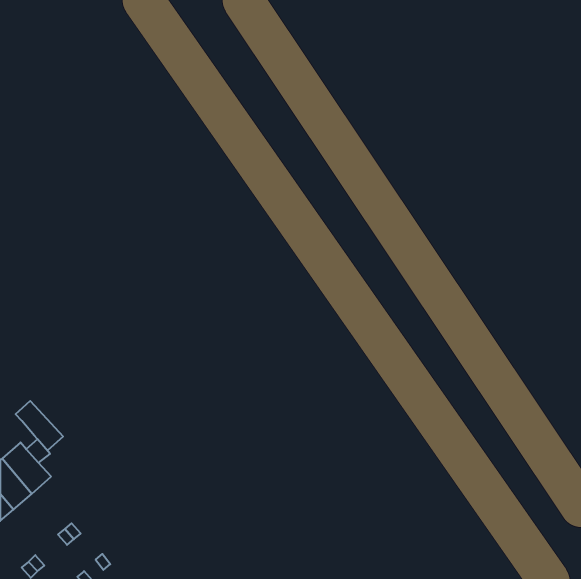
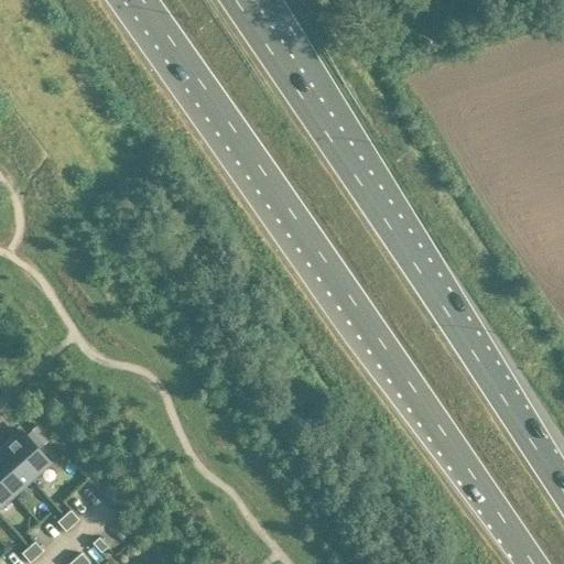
building: [16,401,63,451] -> none

